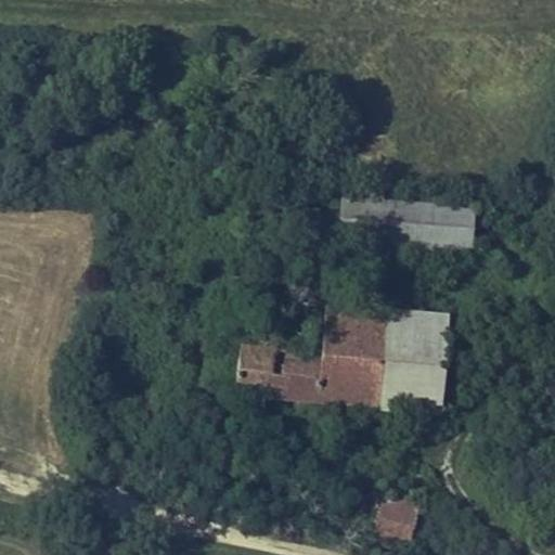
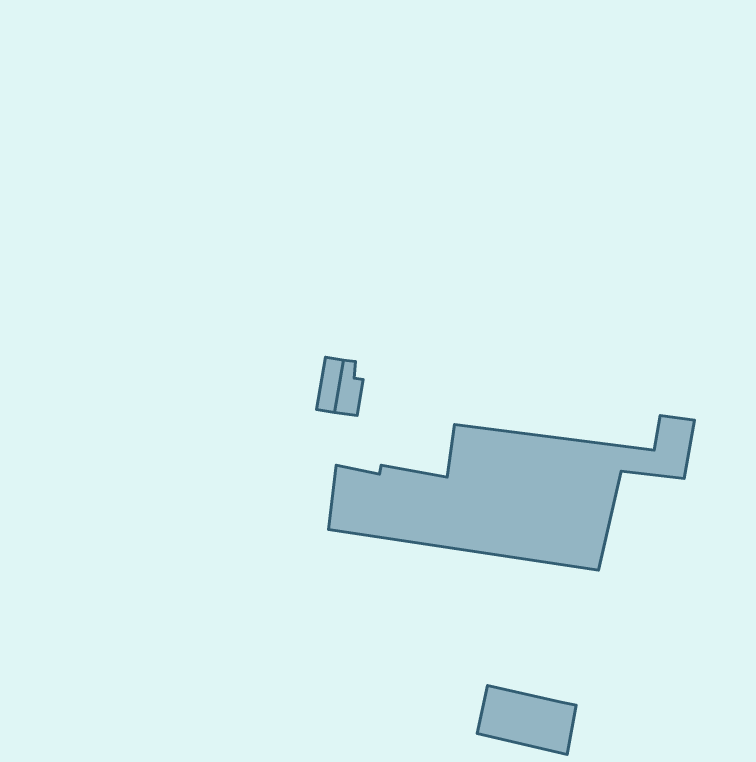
building: [352,192,490,256] -> none

